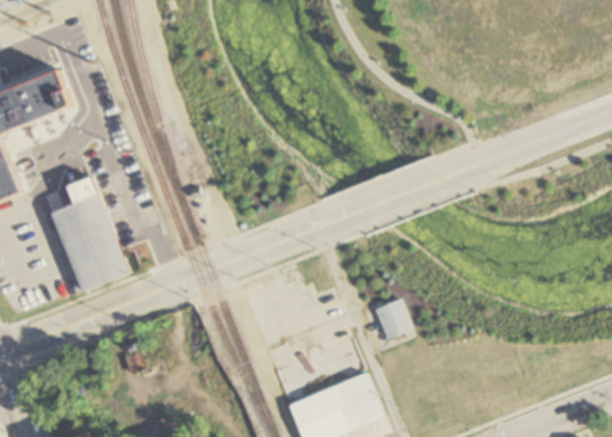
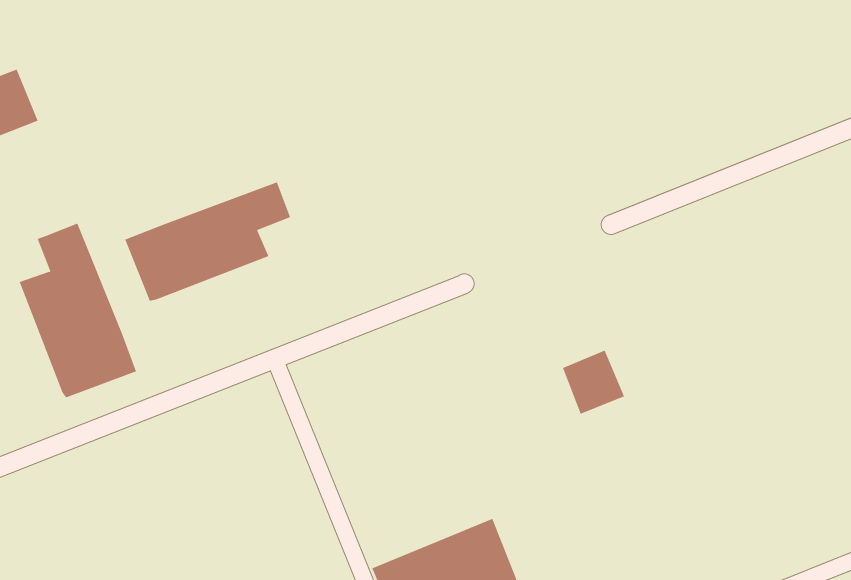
building: none -> [125,181,291,301]
building: [372,297,414,340] -> [562,350,625,414]

